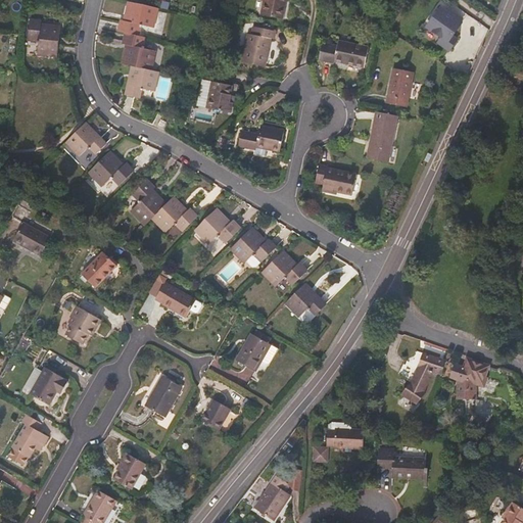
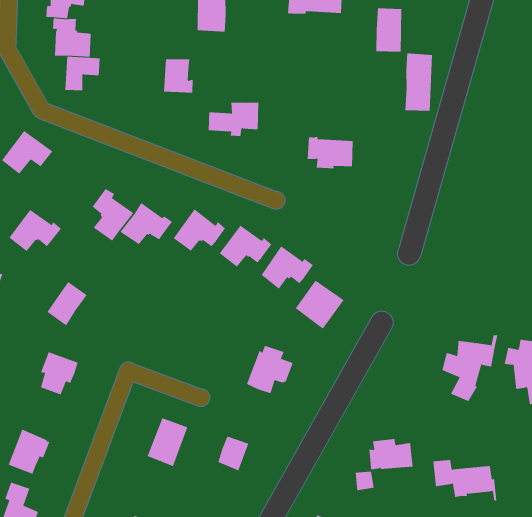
building: [366,110,396,161] -> [404,53,433,111]
building: [88,150,133,185] -> [8,209,62,252]
building: [149,280,195,317] -> none

